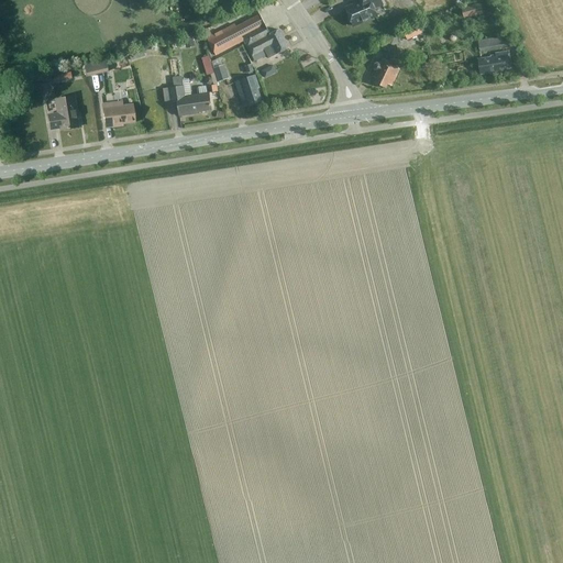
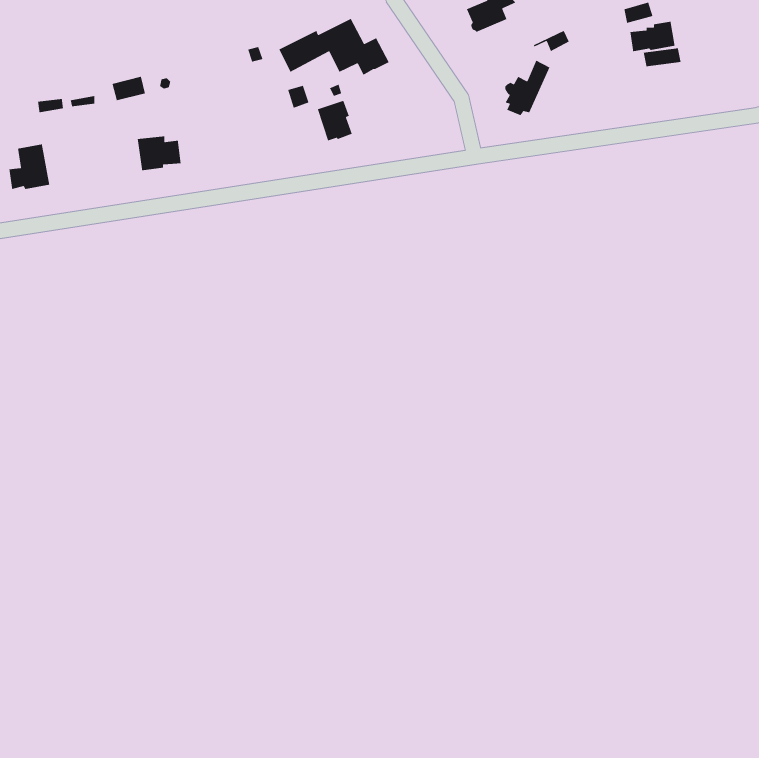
building: [477,49,511,73] -> [629,21,676,52]
building: [168,84,210,114] -> none
building: [47,95,78,129] -> [8,144,50,190]

